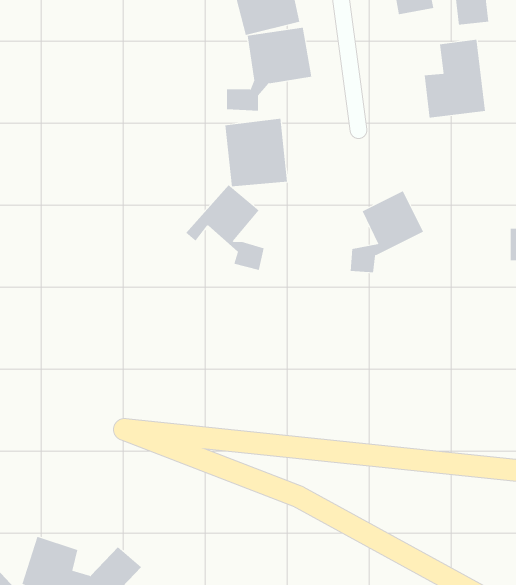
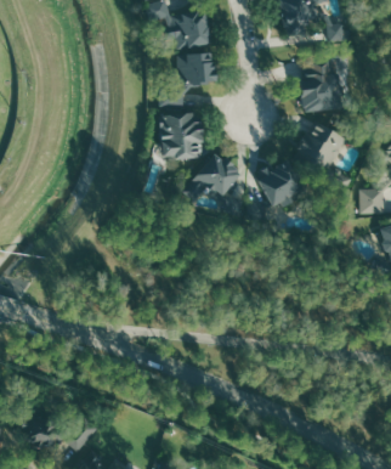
building: none -> [295,122,350,180]
building: [185,185,265,271] -> [187,157,243,217]

